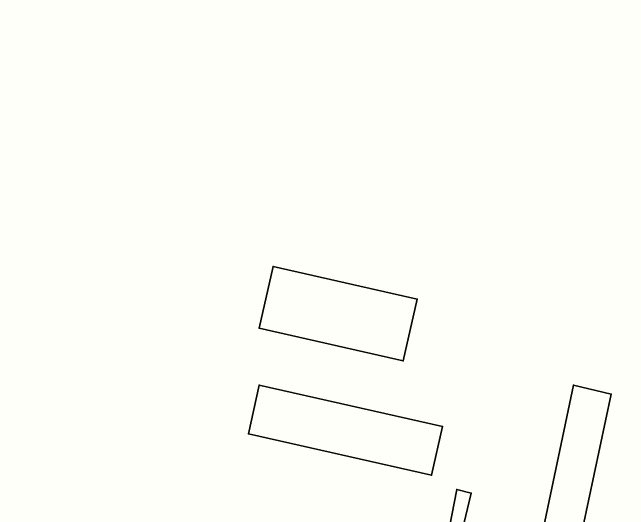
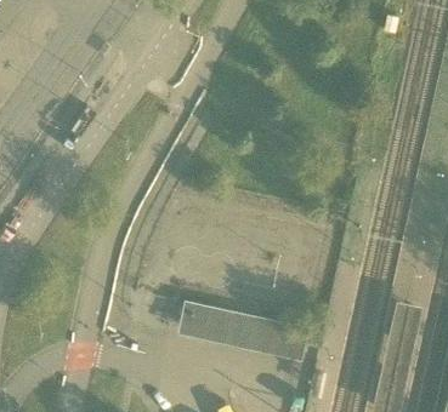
building: [259,267,417,361] -> none

